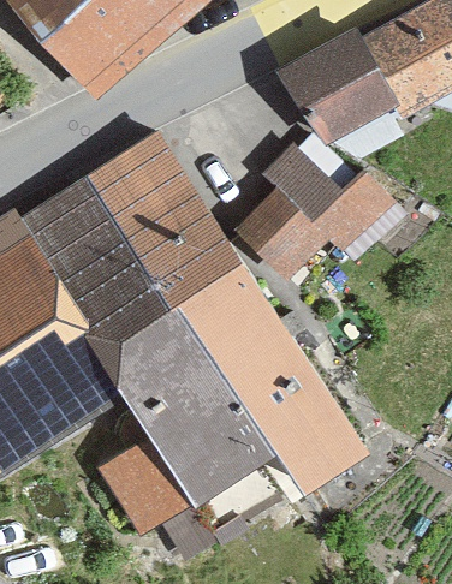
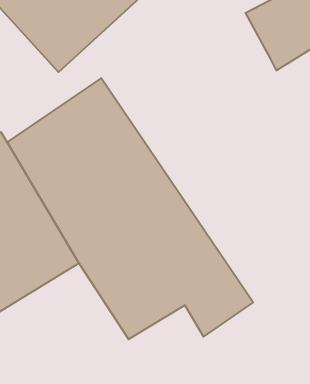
building: [275,25,394,144] -> none
building: [234,145,396,280] -> none
building: [96,434,189,535] -> none

